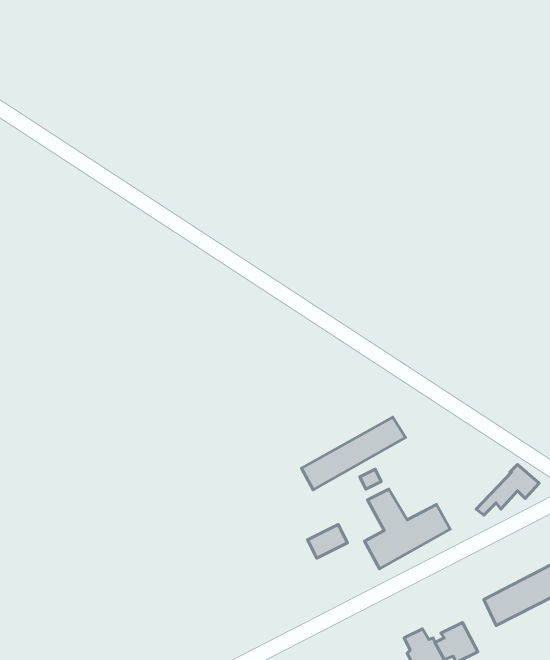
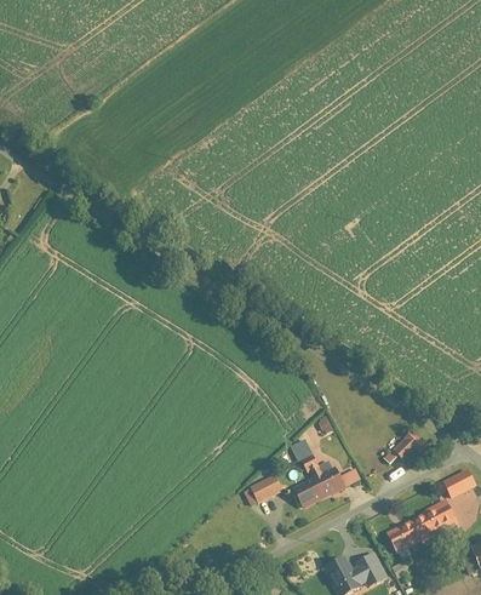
building: [302,417,406,490] -> none

